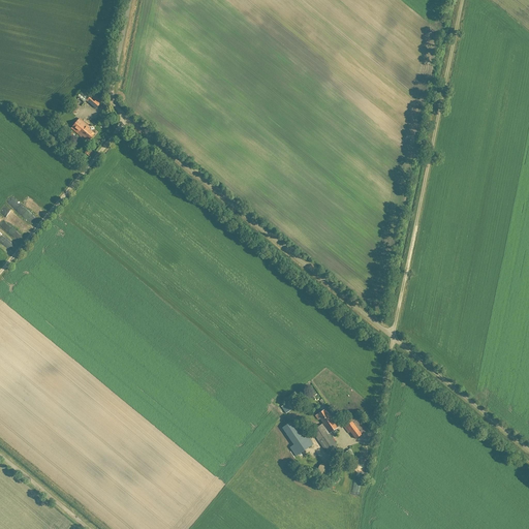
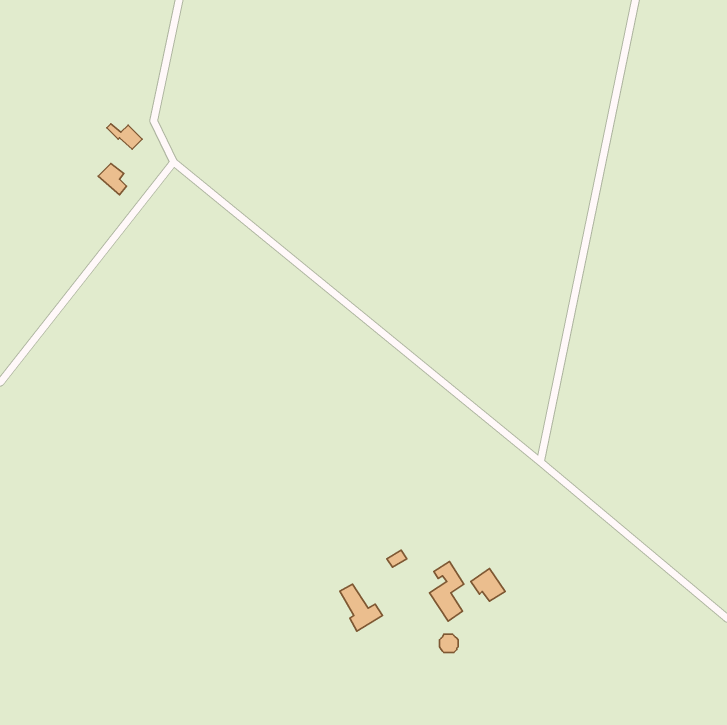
building: [283,422,314,456] -> [340,584,382,631]

